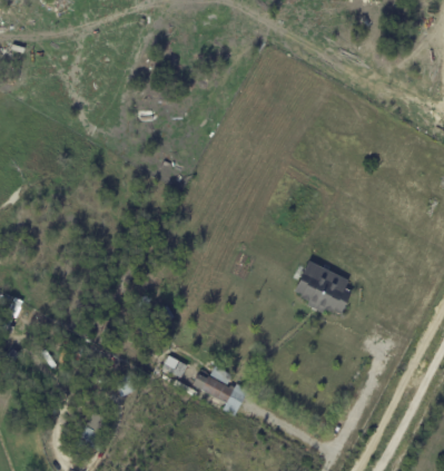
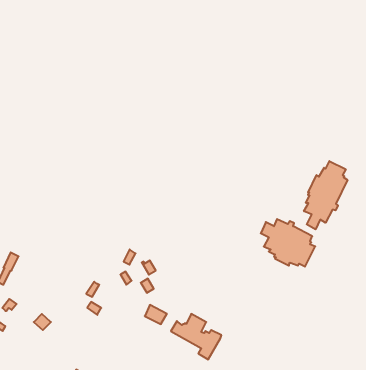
building: none -> [304,161,347,229]

